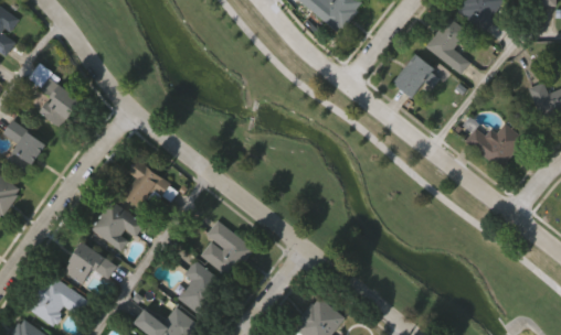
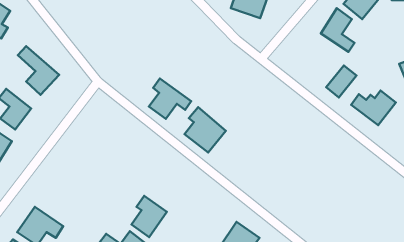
building: [394,55,434,97] -> [326,65,357,97]
building: [121,159,177,212] -> [149,79,191,119]
building: [91,199,141,251] -> none
building: [200,219,254,279] -> [185,107,226,153]
building: [63,242,115,287] -> none

